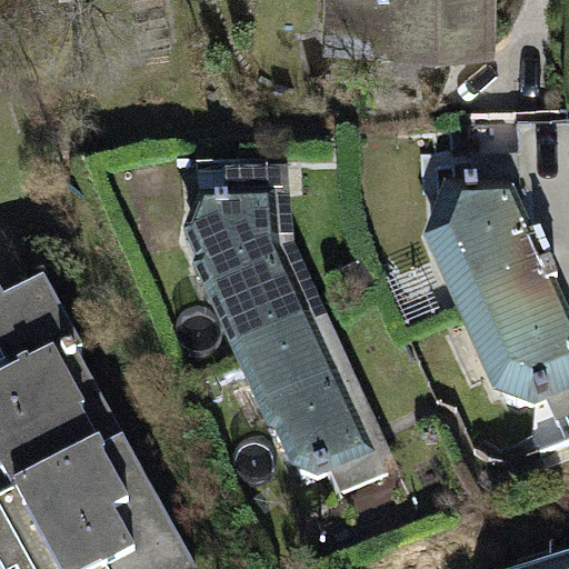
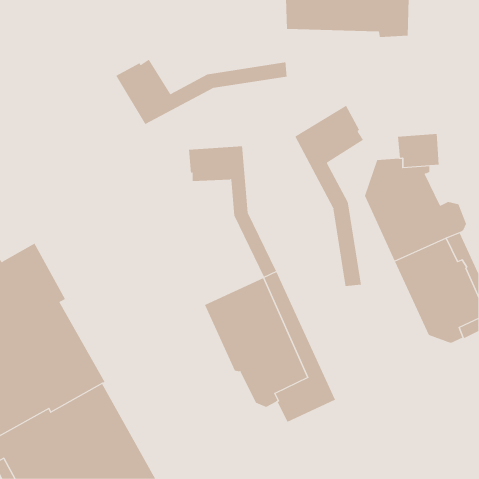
building: none -> [116,59,287,125]
building: none -> [295,105,364,287]
building: [189,204,311,360] -> none

